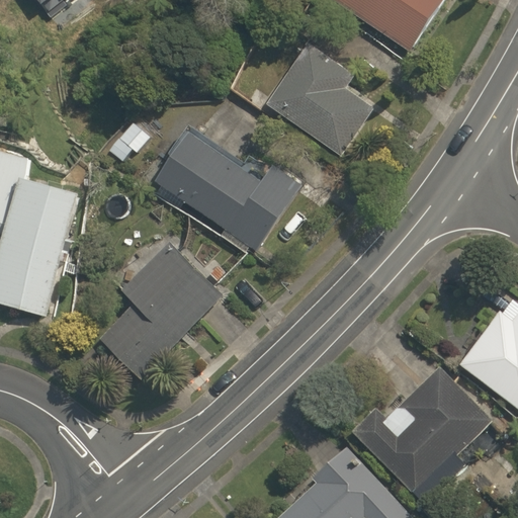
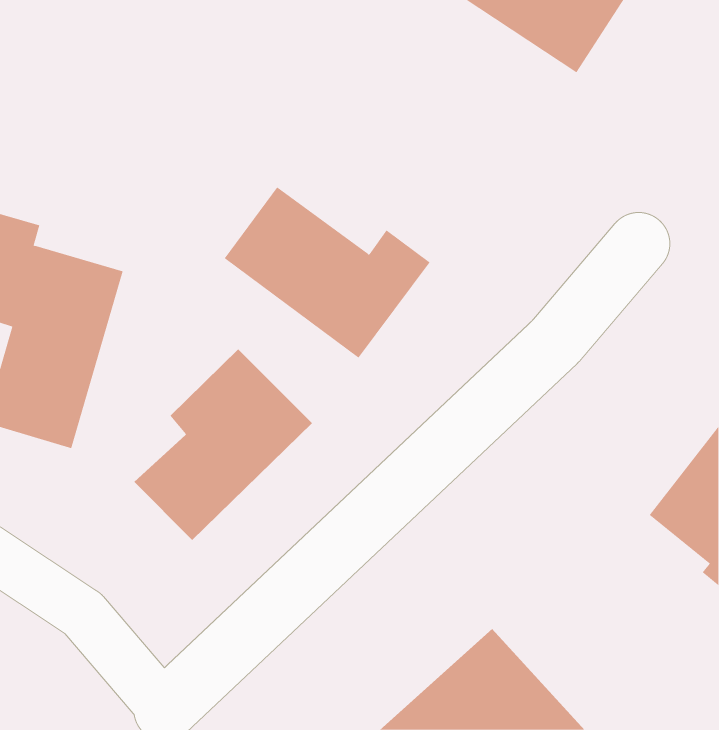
building: [267,44,371,156] -> none
building: [352,370,492,494] -> none

